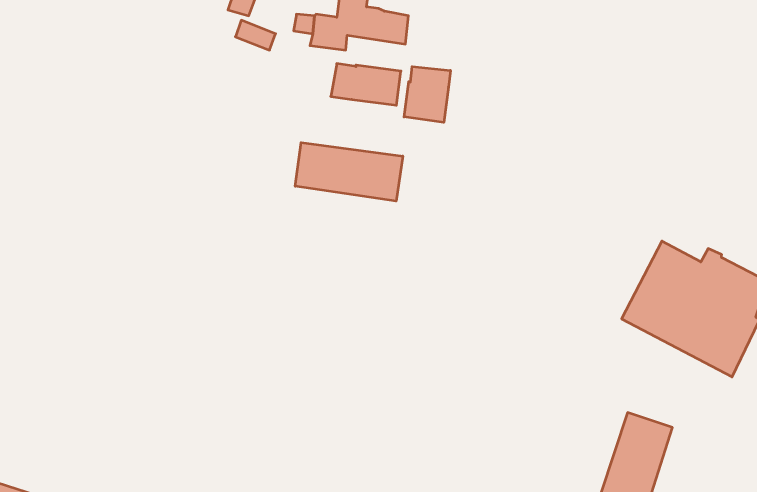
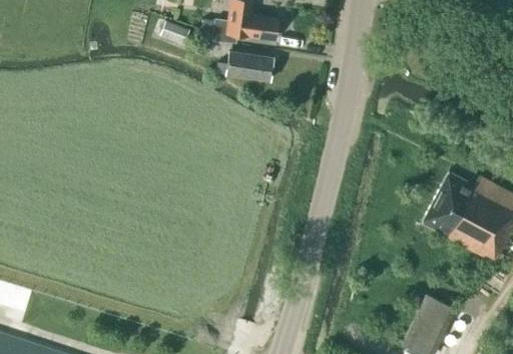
building: [404,67,450,122] -> none
building: [295,143,403,201] -> none

